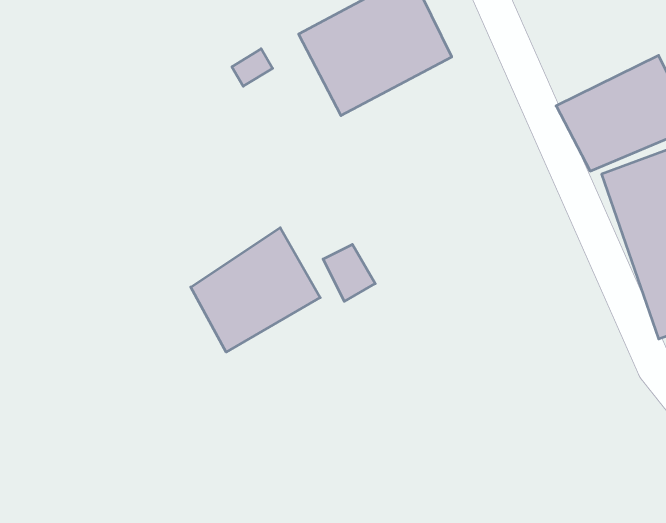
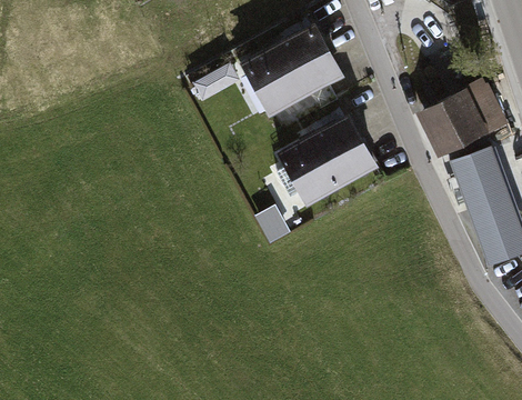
building: none -> [277,112,379,207]
building: [191,228,320,352] -> none

